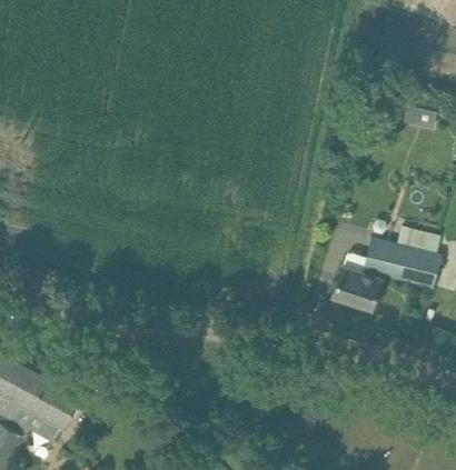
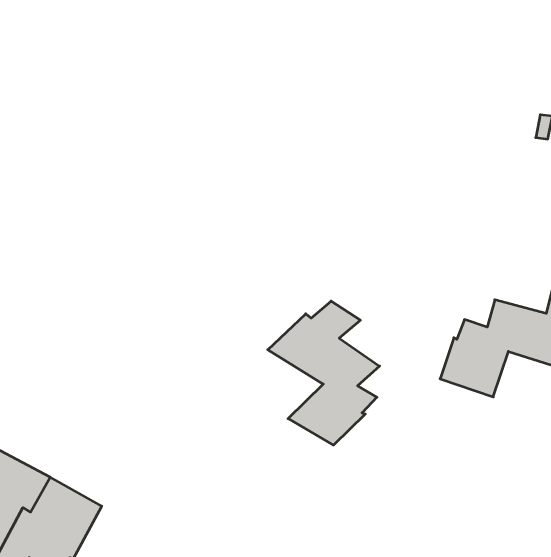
building: none -> [268,301,380,445]

